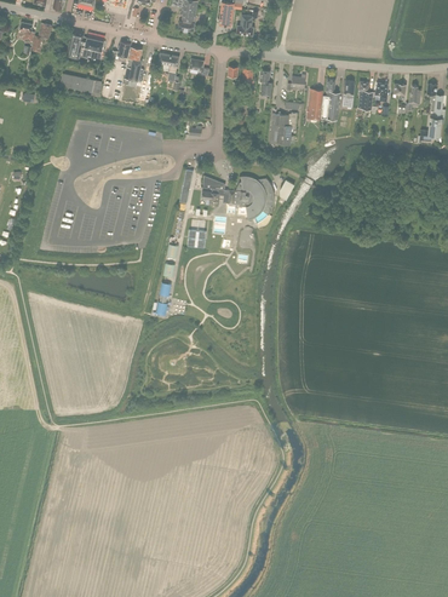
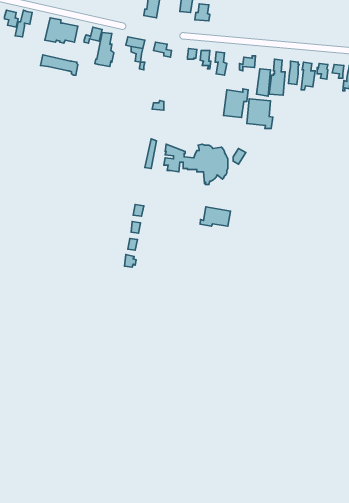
building: none -> [247,99,273,129]
building: none -> [200,207,231,226]

